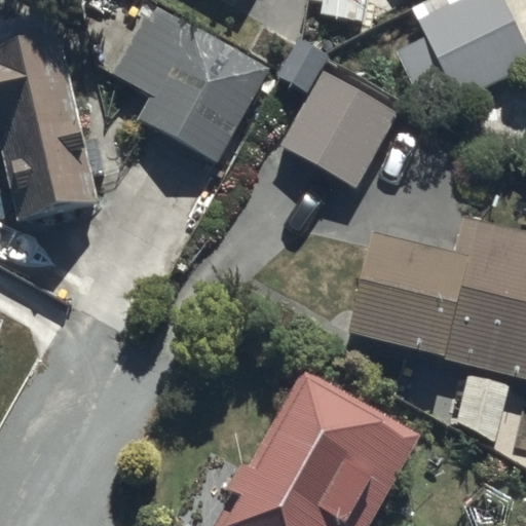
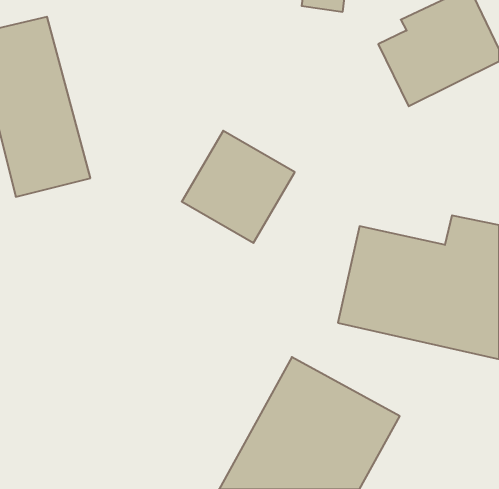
building: [117,12,266,162] -> none
building: [277,58,396,175] -> [182,131,295,243]

